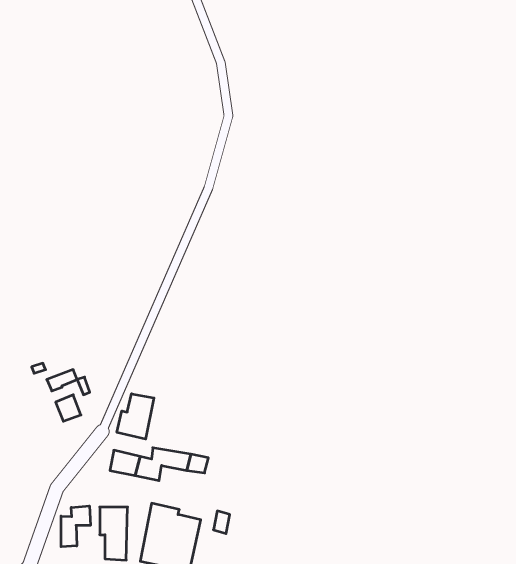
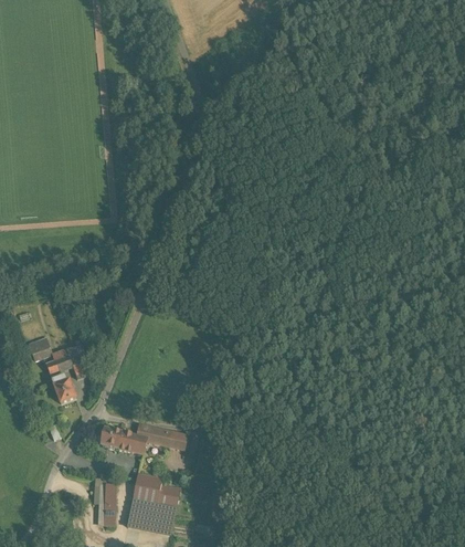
building: [117,394,154,439] -> none
building: [61,506,90,547] -> none

